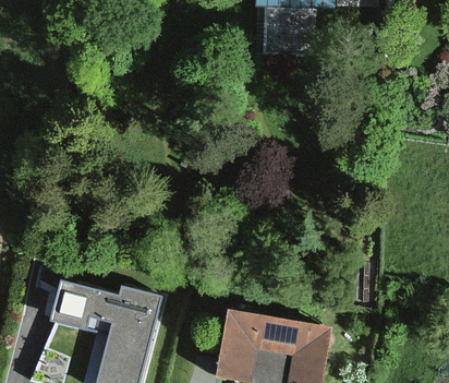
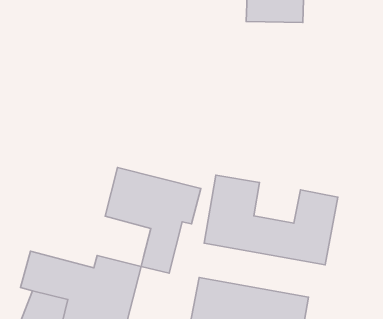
building: none -> [105,167,201,273]
building: none -> [204,175,338,265]

